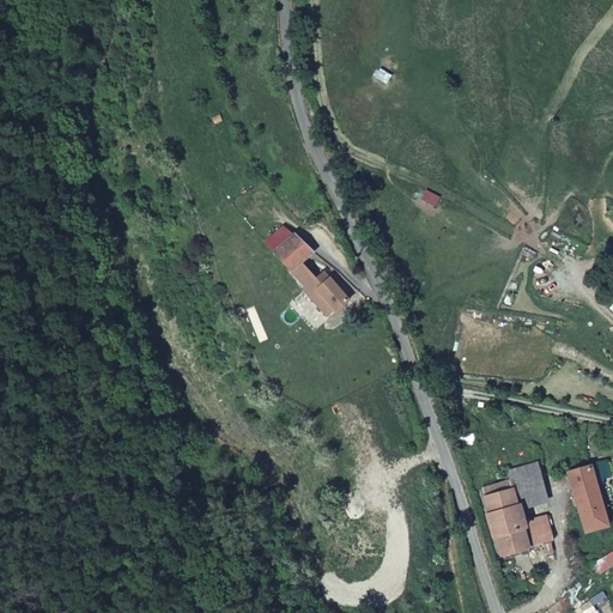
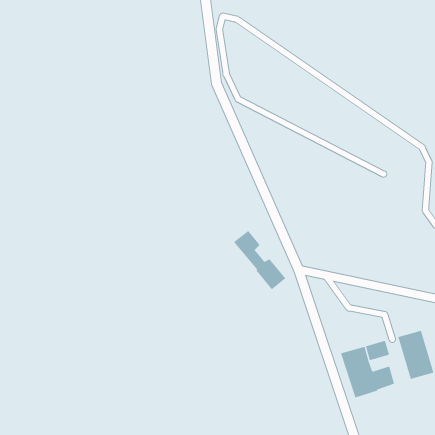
building: [274,233,348,317] -> [233,230,286,290]
building: [509,461,542,486] -> none

